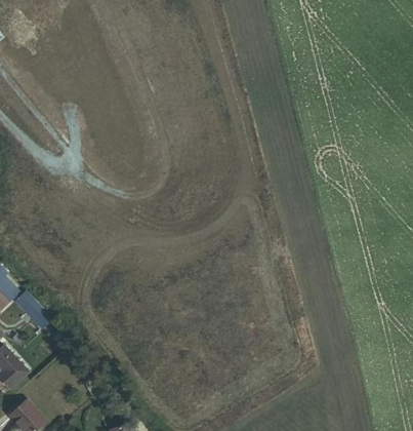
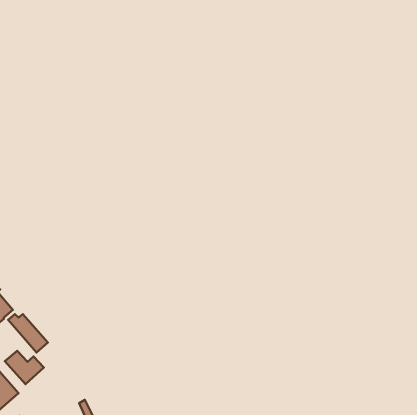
building: none -> [5,351,44,384]

